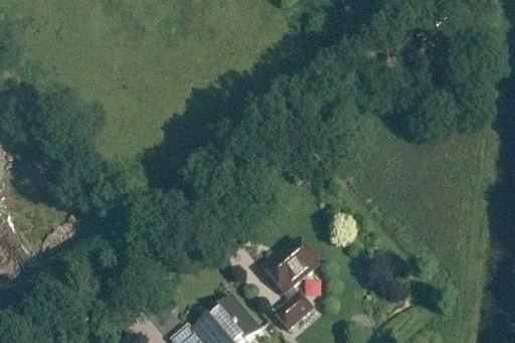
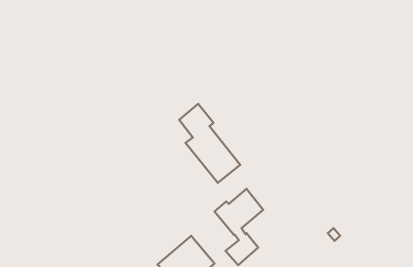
building: none -> [179,104,240,183]

